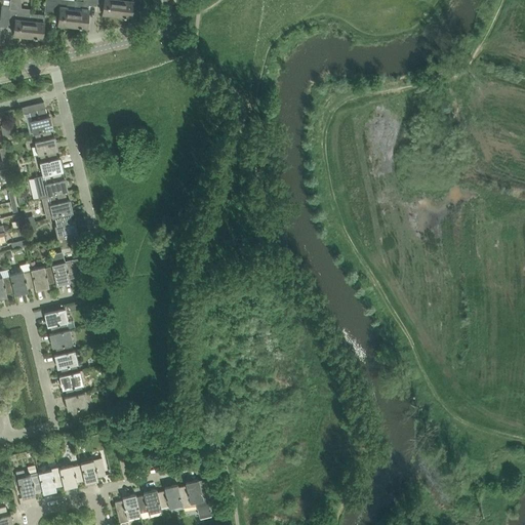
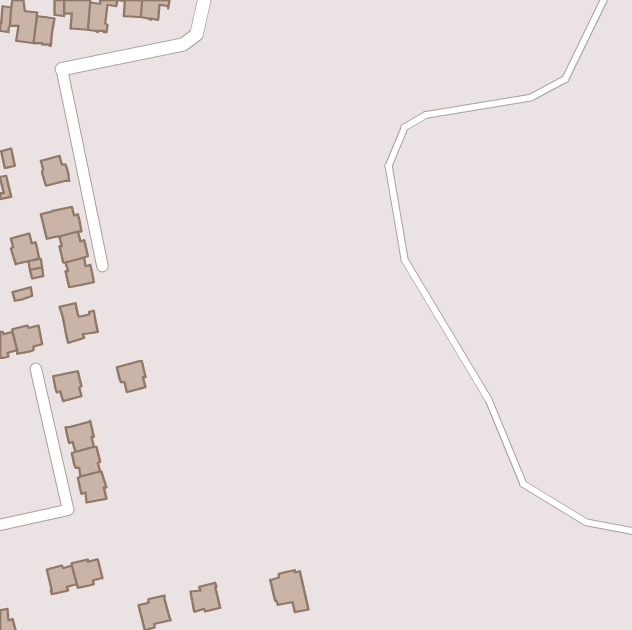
building: [22,104,53,135] -> none
building: [39,152,63,177] -> [11,234,39,265]
building: [31,267,55,290] -> none
building: [49,330,73,356] -> [117,361,145,392]
building: [80,456,106,484] -> none
building: [15,471,43,499] -> none
building: [178,480,210,515] -> [270,570,309,612]
building: [136,490,162,514] -> none

